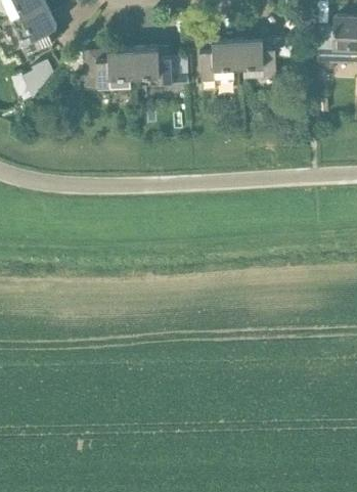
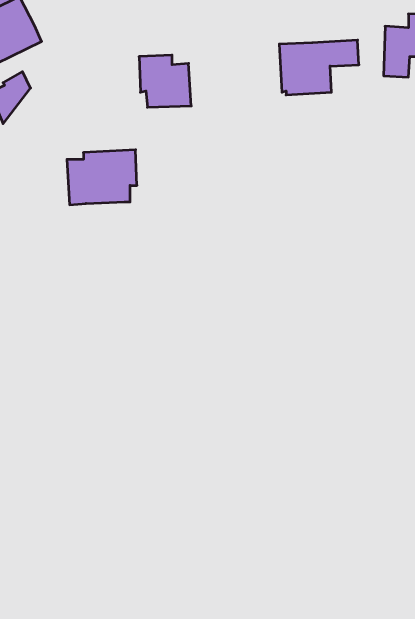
building: [203,38,241,78] -> none
building: [84,47,136,88] -> [67,150,137,205]

